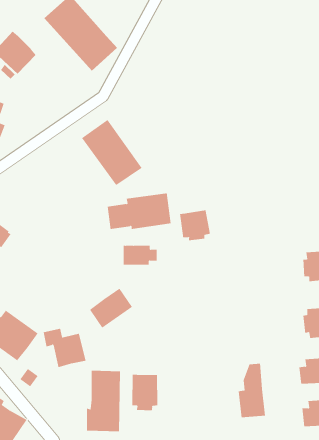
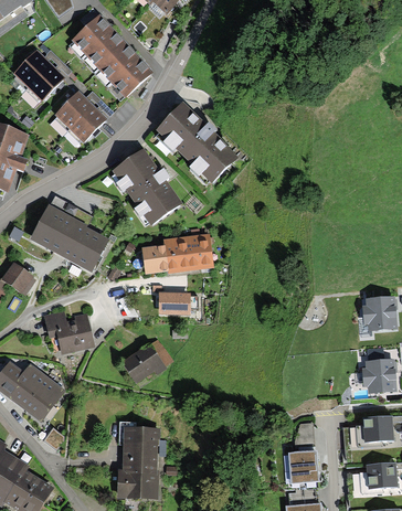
building: none -> [54,93,103,142]
building: none -> [157,103,237,182]
building: none -> [30,193,109,270]
building: [179,210,210,241] -> none
building: [43,328,87,368] -> [44,310,93,354]
building: [132,374,158,411] -> none

